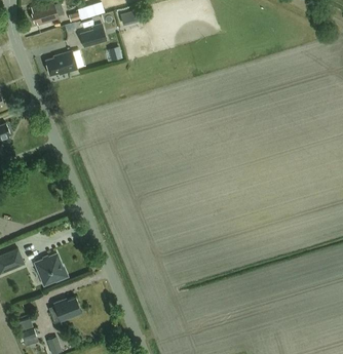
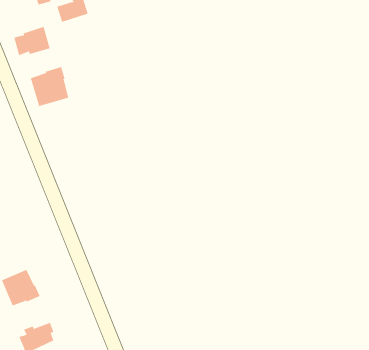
building: none -> [30,66,69,107]

